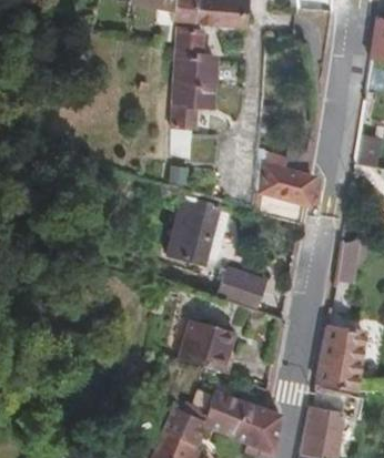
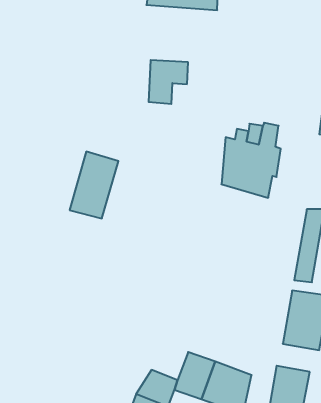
building: [175,31,218,83] -> none
building: [166,195,219,266] -> [70,152,118,218]
building: [223,265,273,308] -> none
building: [182,319,236,374] -> none

